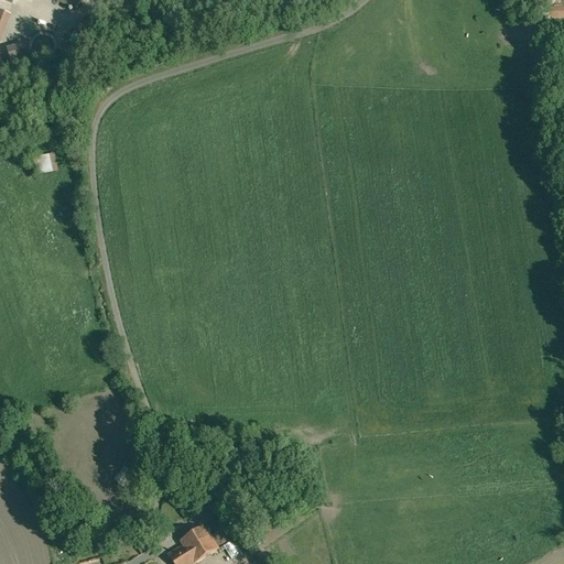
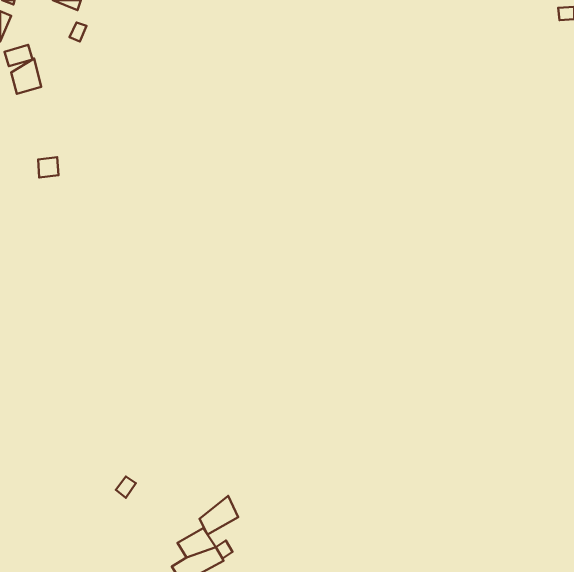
building: none -> [11,58,41,94]
building: none -> [199,496,238,535]

